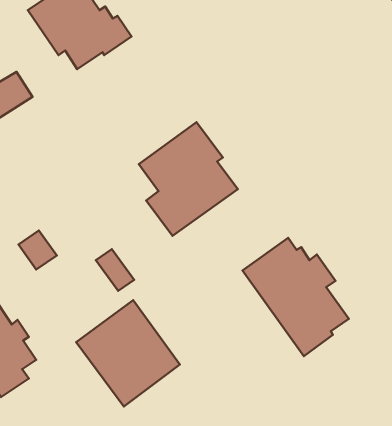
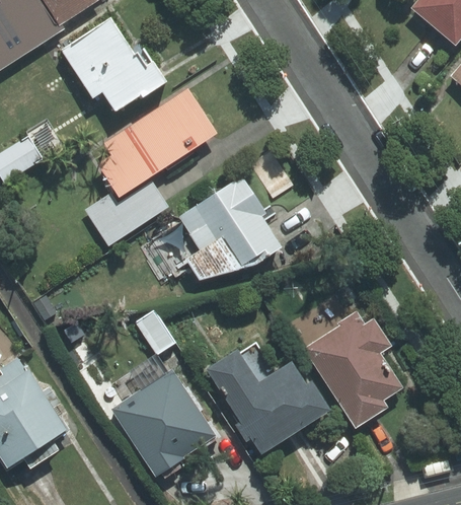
building: none -> [80,85,218,248]
building: none -> [204,344,331,451]

